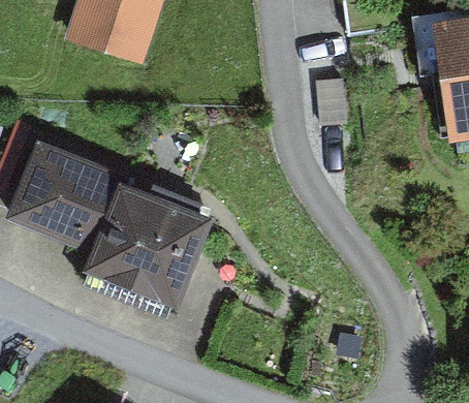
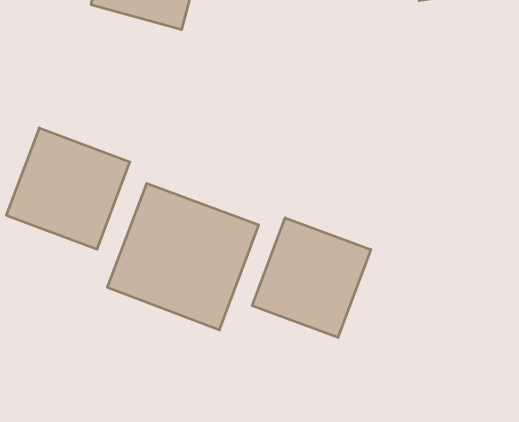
building: none -> [252,218,371,338]

